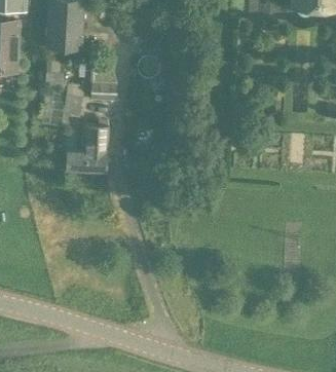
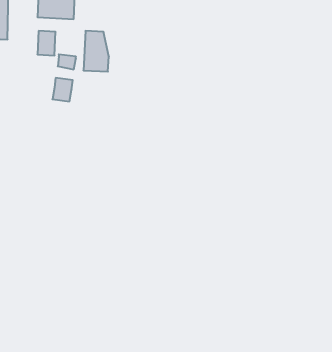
building: [65,126,106,172] -> none

